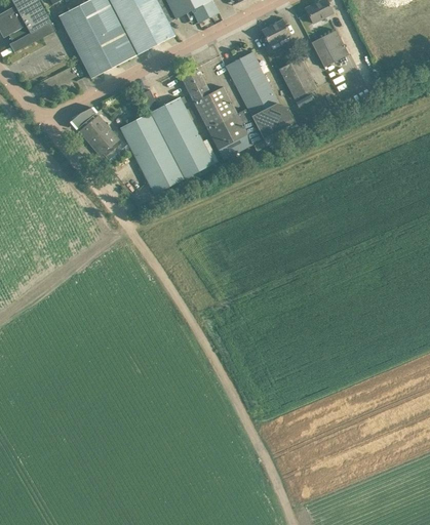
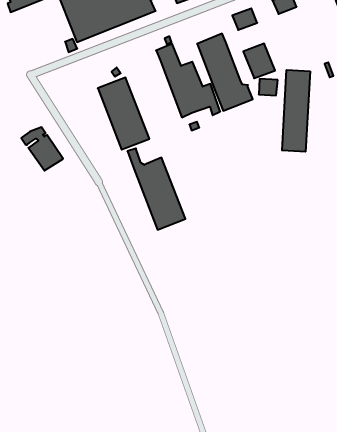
building: [312,30,349,67] -> none
building: none -> [282,70,310,152]
building: [141,89,213,177] -> [127,148,185,230]
building: [70,107,119,155] -> [21,127,63,171]

